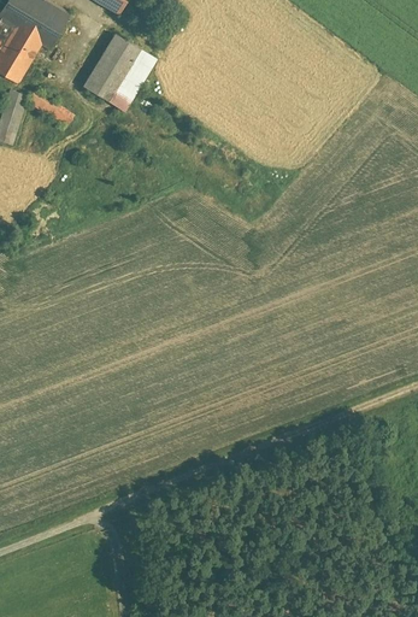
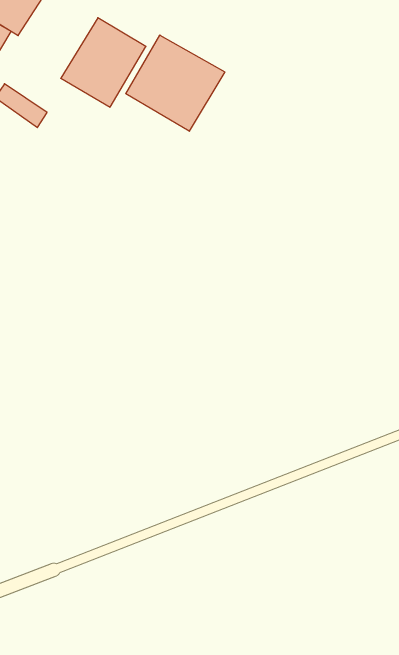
building: none -> [126,35,225,131]

